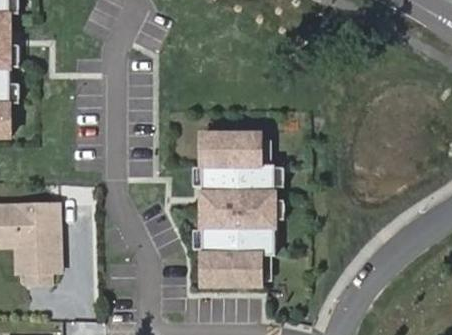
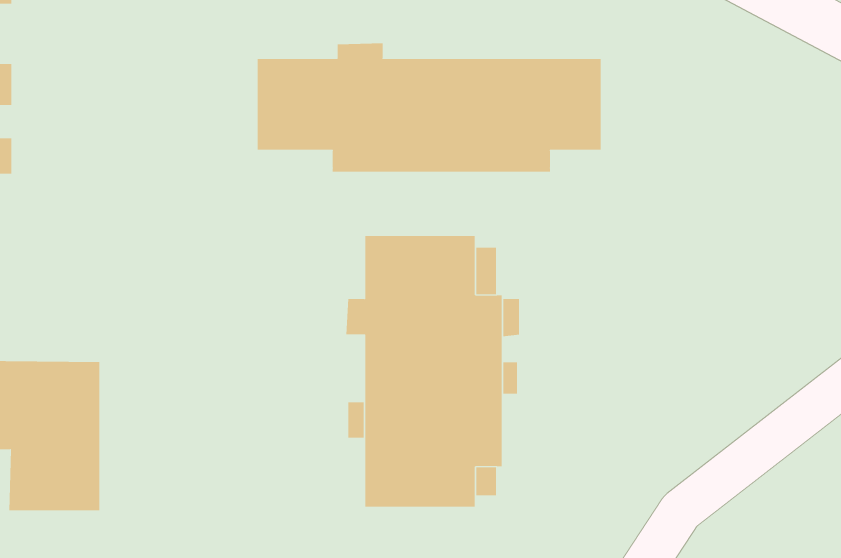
building: none -> [257,42,601,173]

